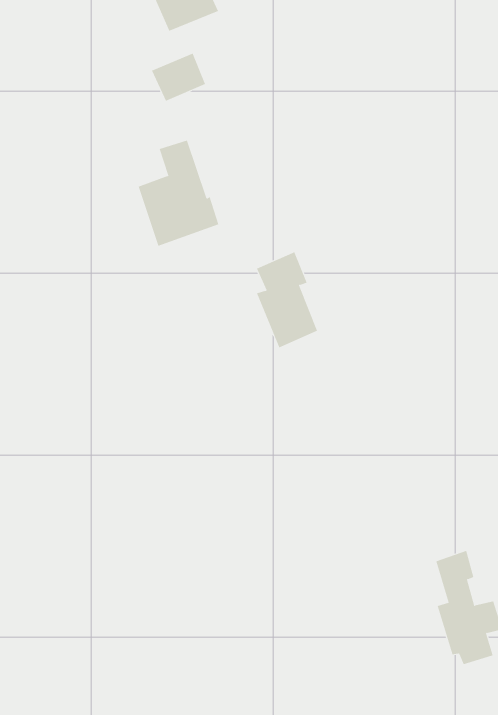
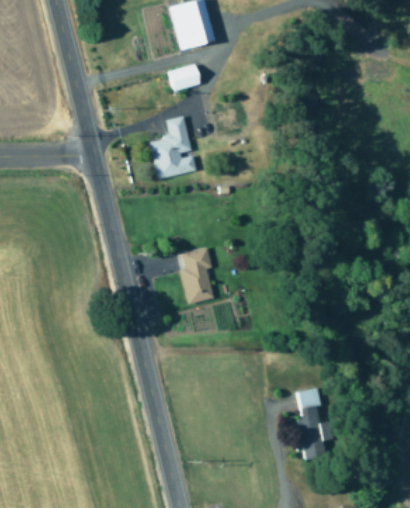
building: [256,251,318,348] -> [180,247,214,304]

